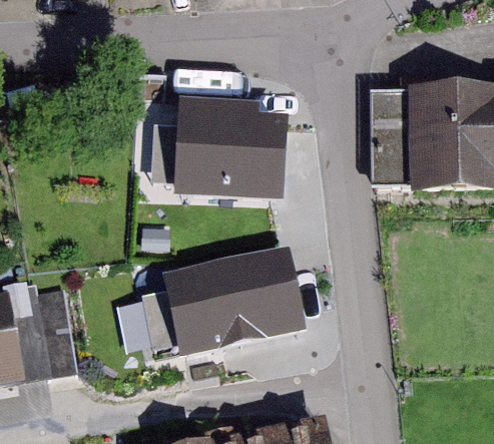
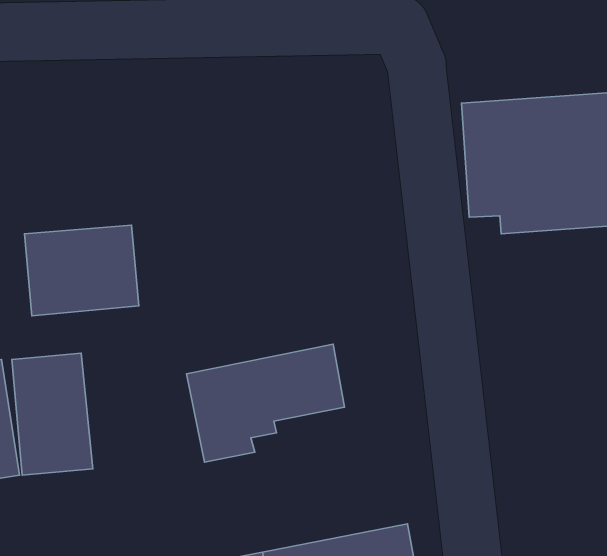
building: [172,107,286,215] -> none
building: none -> [24,225,139,316]

